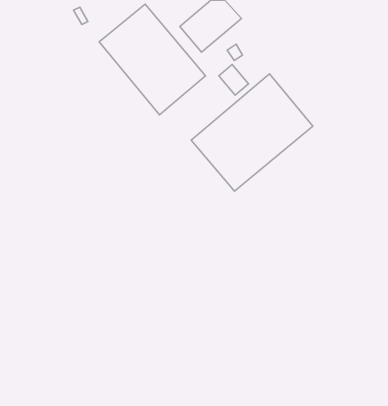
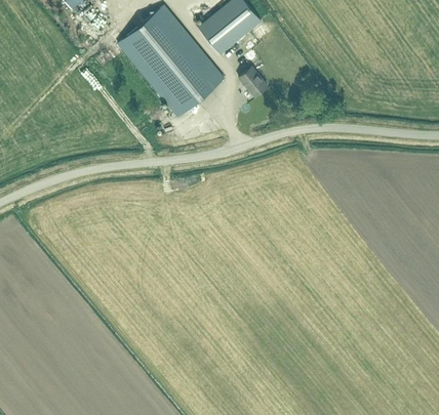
building: [191,74,313,191] -> none

